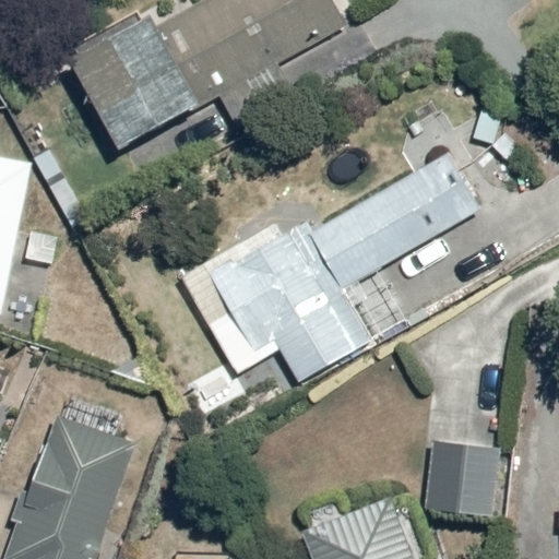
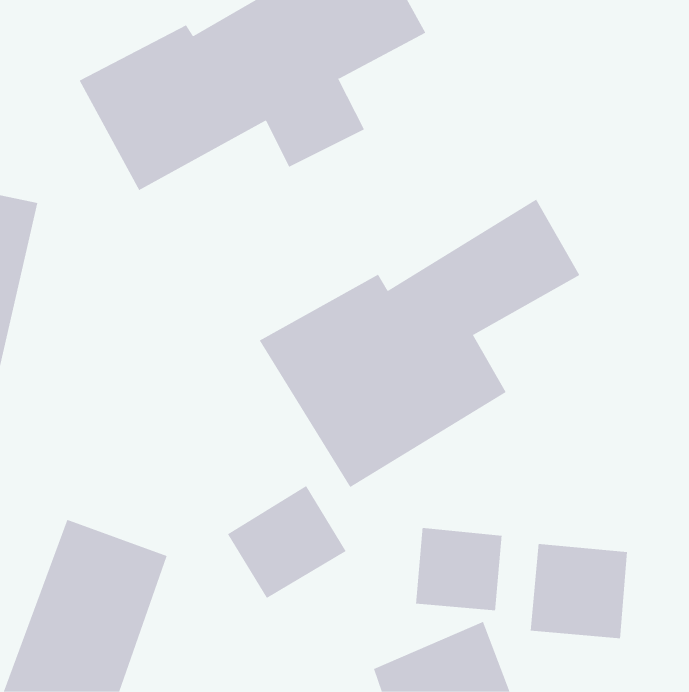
building: none -> [227,485,347,599]
building: none -> [415,527,502,611]

